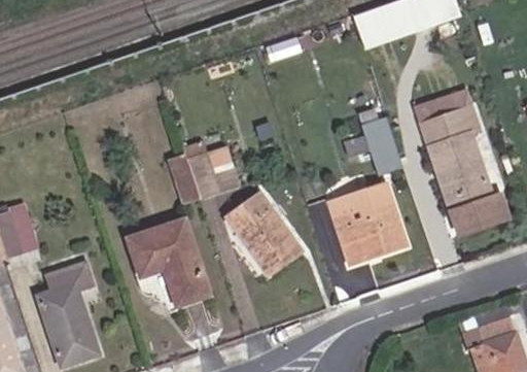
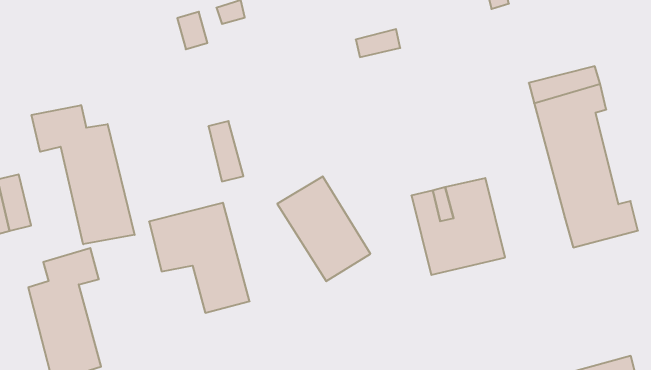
building: [343,119,403,176] -> none
building: [182,142,238,198] -> none
building: none -> [32,105,135,244]

